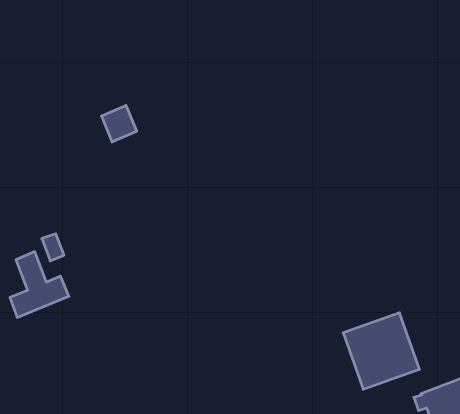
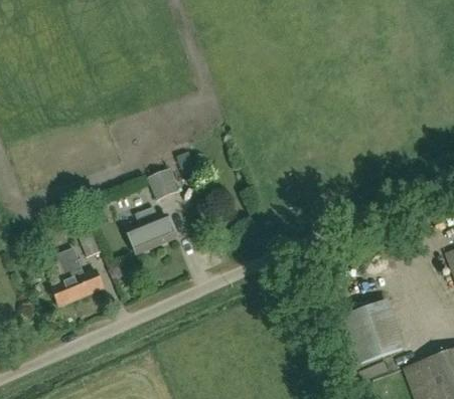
building: [101,105,137,142] -> [148,169,178,200]
building: none -> [127,206,176,253]

